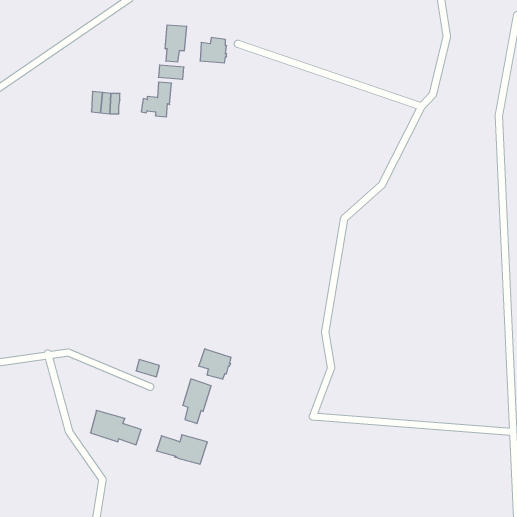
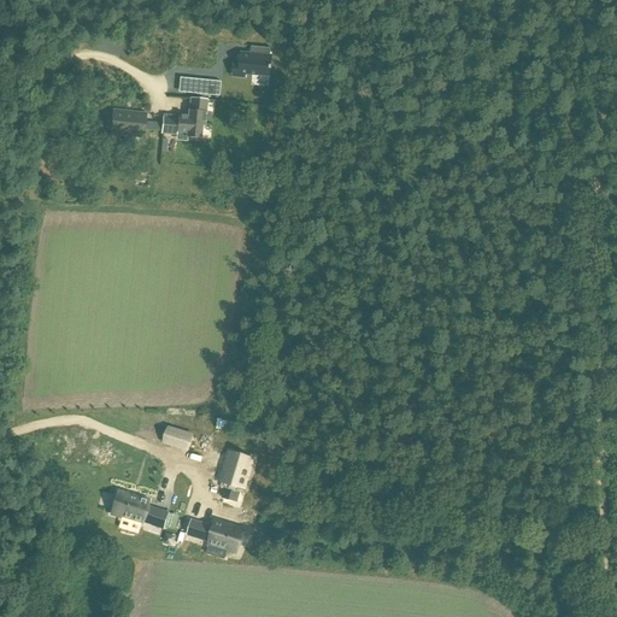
building: [165,25,186,62] -> none
building: [199,349,231,379] -> none

